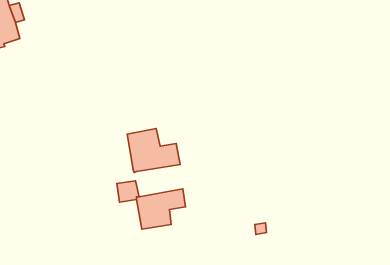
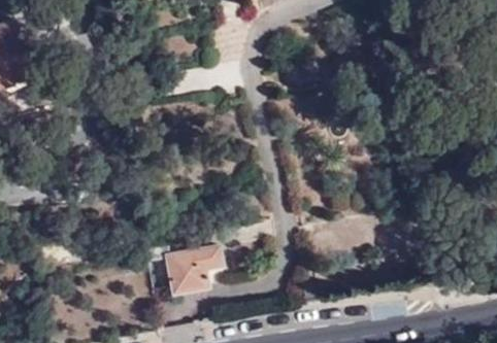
building: [127,128,180,173] -> none

